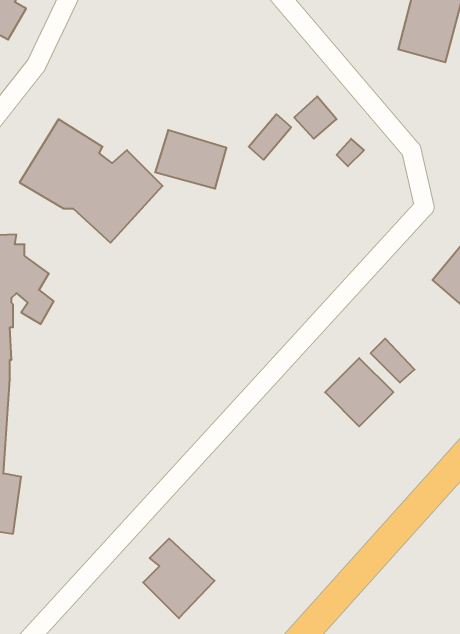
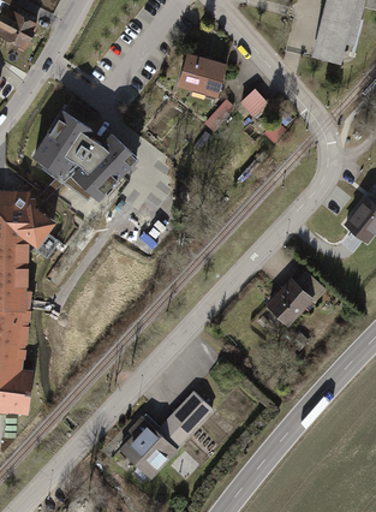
building: [155,130,227,189] -> [173,55,226,99]
building: none -> [157,392,211,447]

